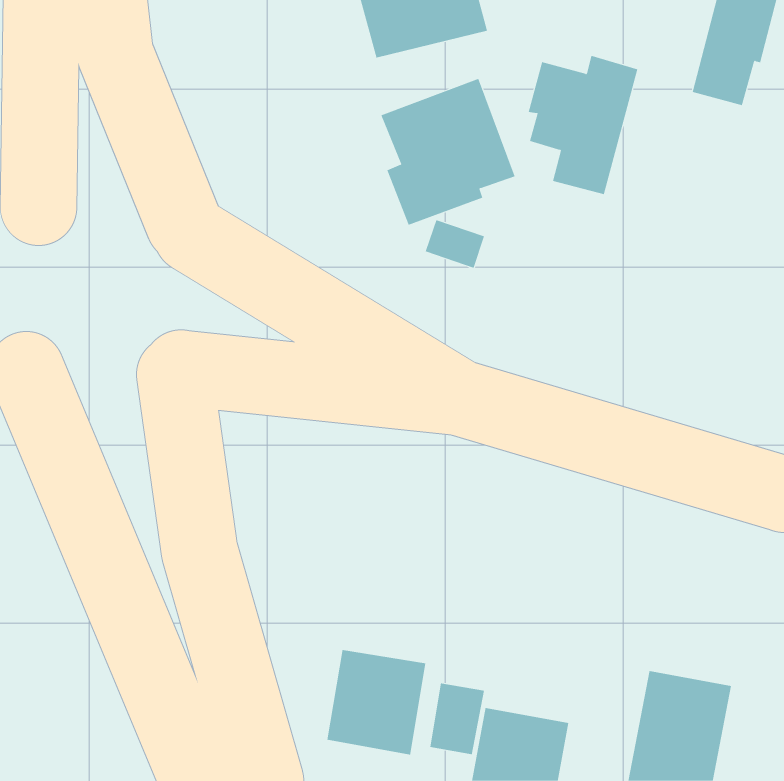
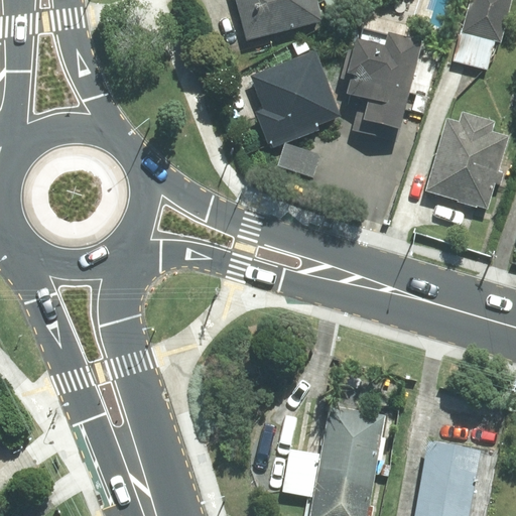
building: none -> [425,114,507,208]
building: [326,649,426,755] -> [318,405,384,475]

